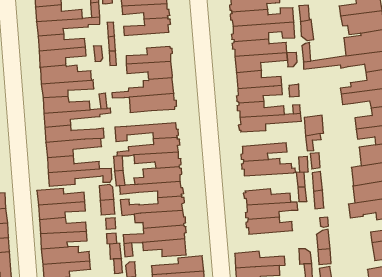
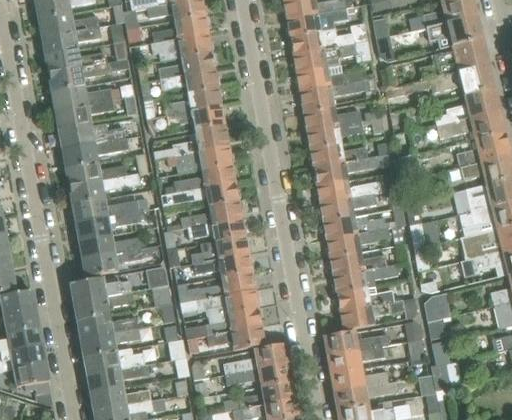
building: none -> [160,70,220,93]
building: none -> [173,165,236,193]
building: none -> [316,180,385,203]
building: none -> [326,229,389,258]
building: none -> [340,297,417,330]

